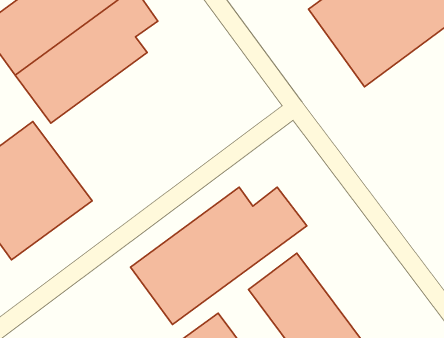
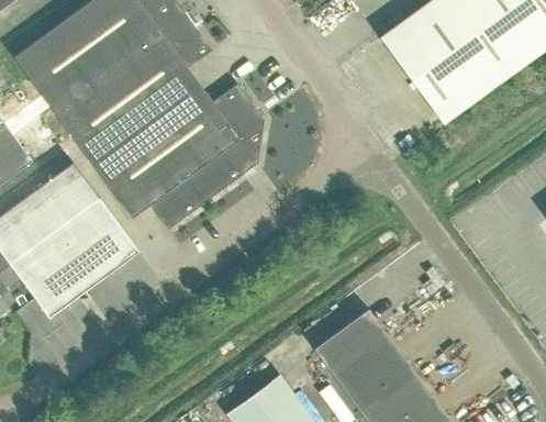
building: none -> [92,85,264,230]
building: [130,187,307,324] -> none

